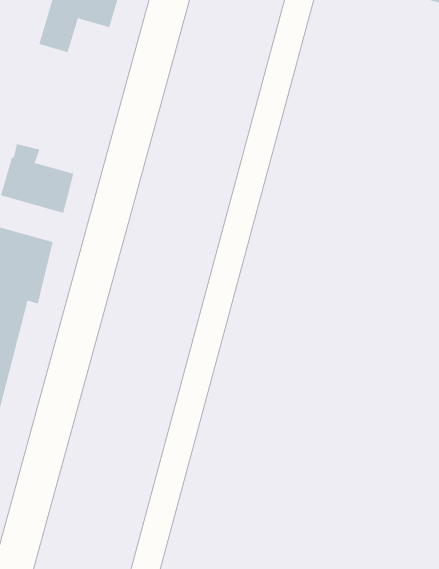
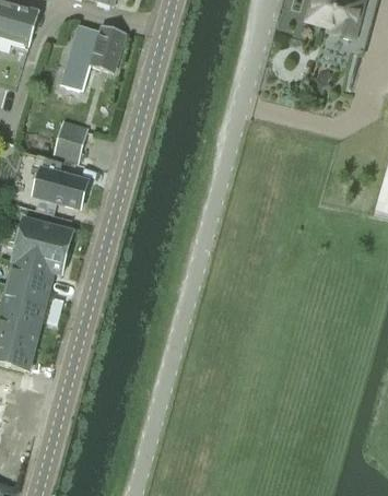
building: none -> [52,119,87,163]

